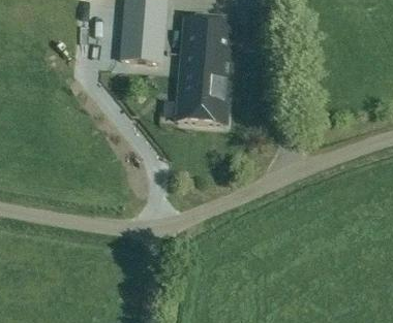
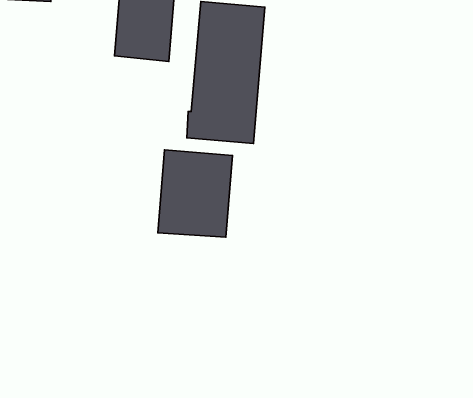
building: none -> [158,150,232,237]

